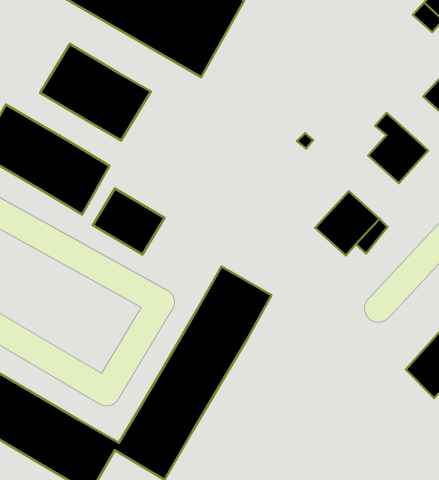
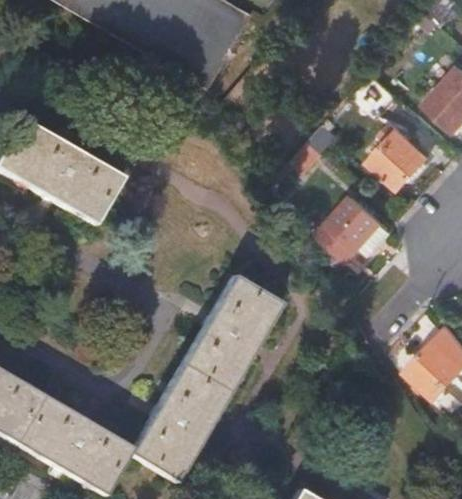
building: [40,44,151,140] -> none
building: [93,188,165,254] -> none

